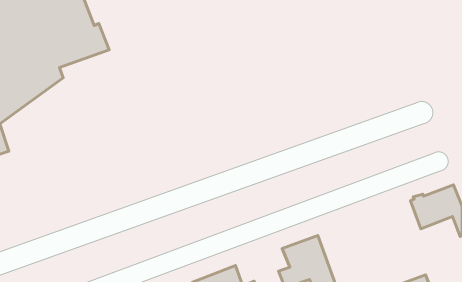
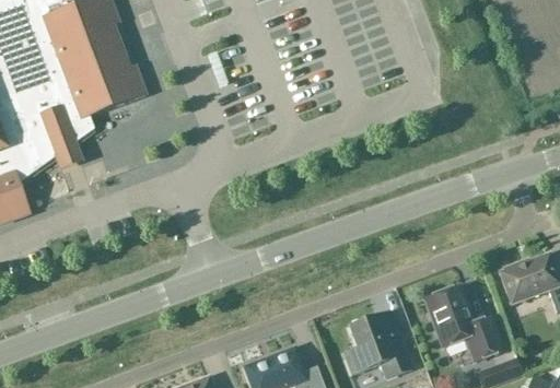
building: none -> [424,286,502,361]

